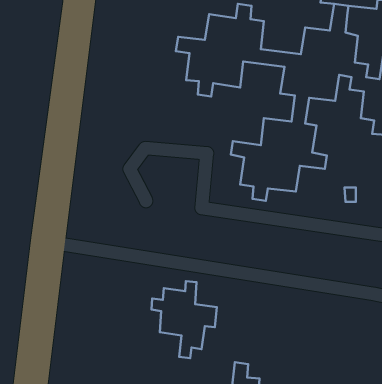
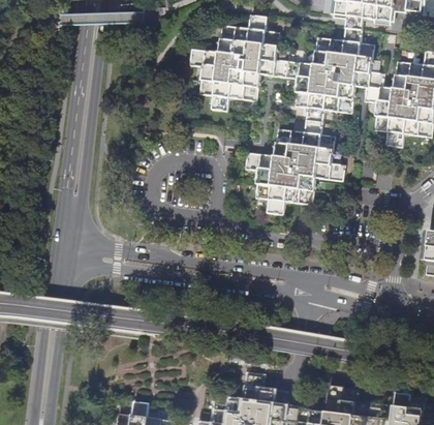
building: [151,281,217,358] -> none

